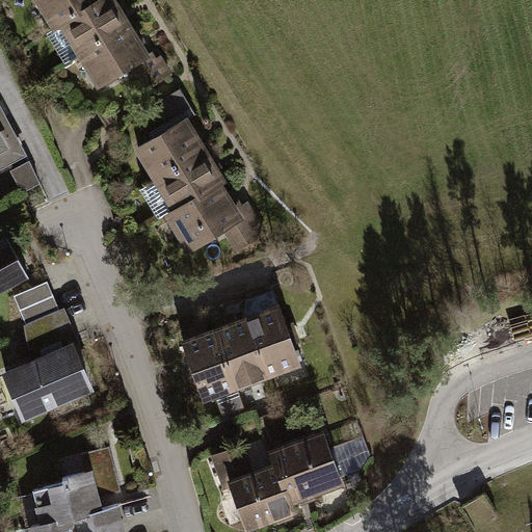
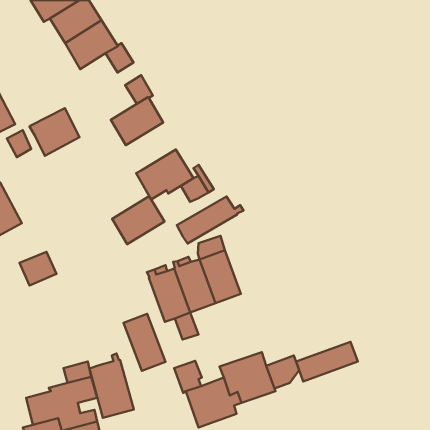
building: none -> [30,108,79,156]
building: [155,153,219,212] -> [112,196,164,244]
building: none -> [177,196,244,243]
building: [11,283,57,325] -> none
building: [4,348,88,417] -> none
building: none -> [123,314,166,371]
building: none -> [296,342,358,381]
building: none -> [89,354,134,418]

